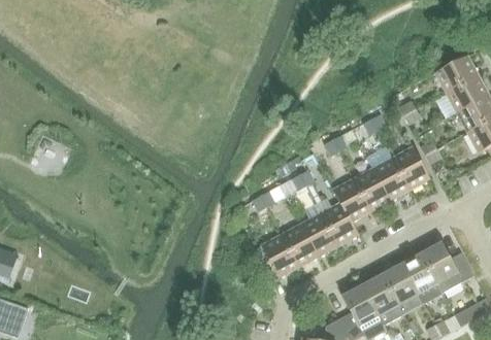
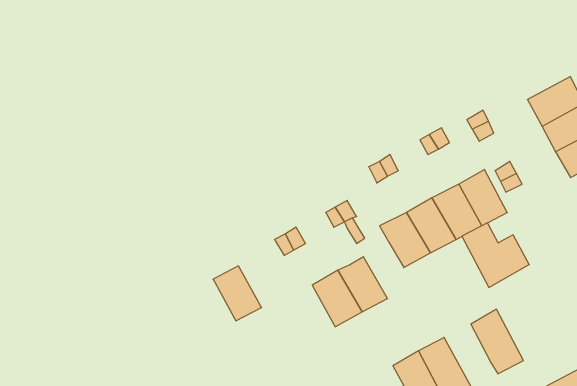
building: [435,56,479,93] -> none
building: [320,202,358,245] -> none
building: [261,235,298,277] -> [213,266,262,321]
building: [422,243,473,293] -> [462,223,529,287]
building: [382,265,418,305] -> none

